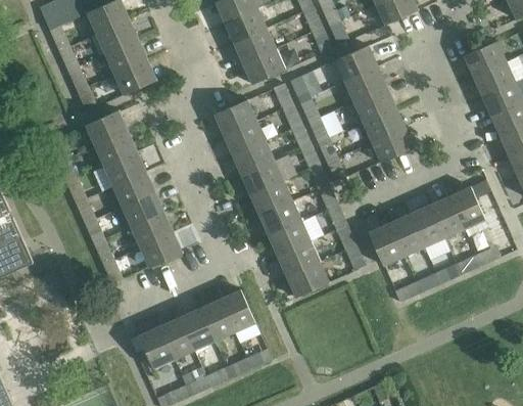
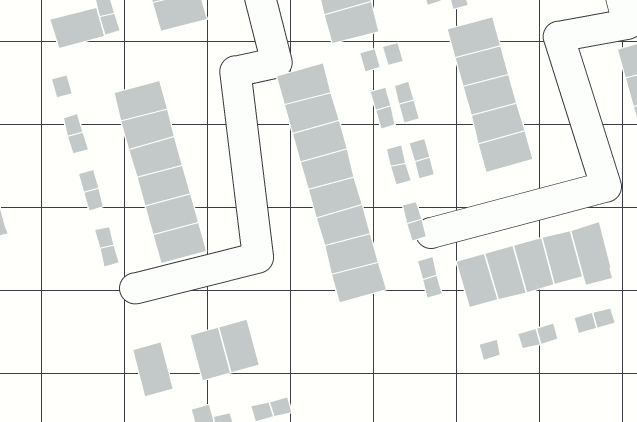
building: [85,110,128,145] -> [49,7,105,48]
building: [286,261,329,297] -> none
building: [220,289,259,344] -> none
building: [158,317,193,359] -> none

